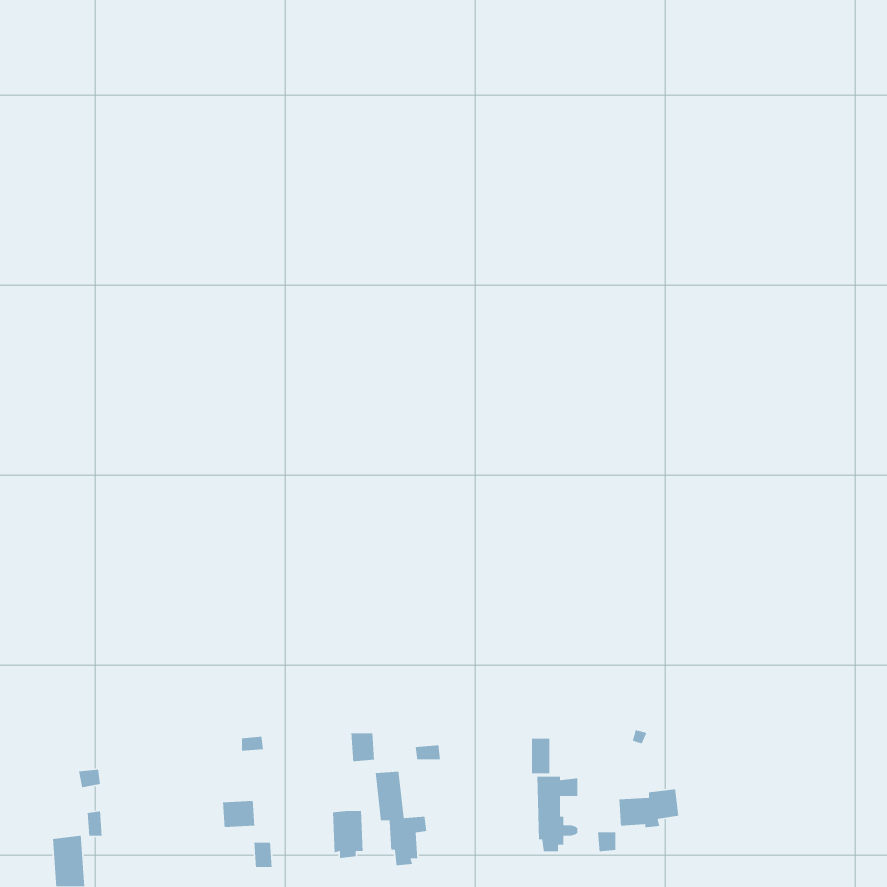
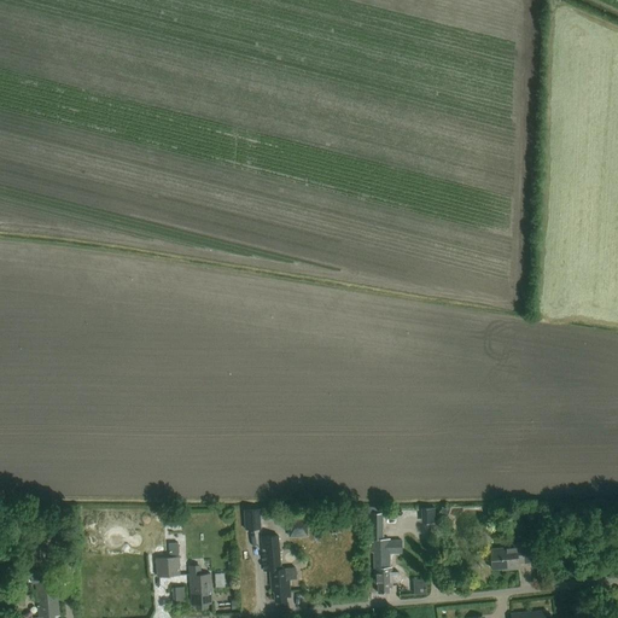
building: [619,788,679,828] -> [490,542,532,570]
building: [332,810,363,859] -> [191,575,212,608]

